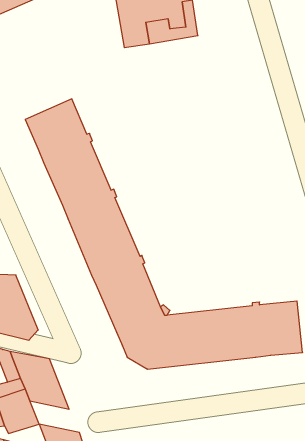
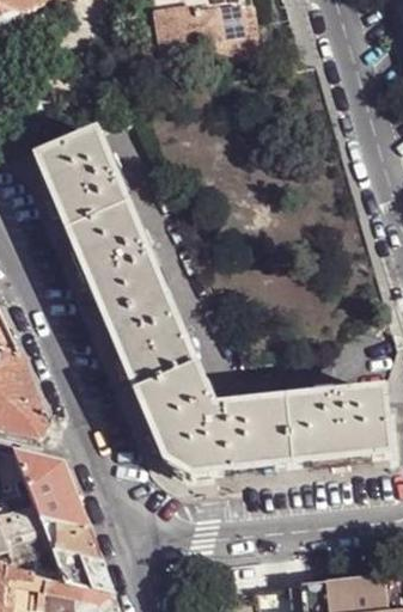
building: none -> [41,515,104,556]

